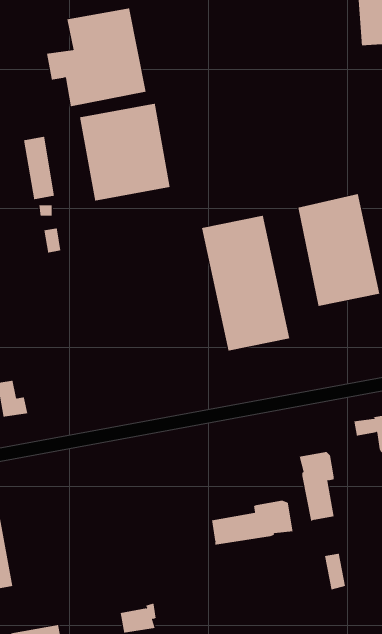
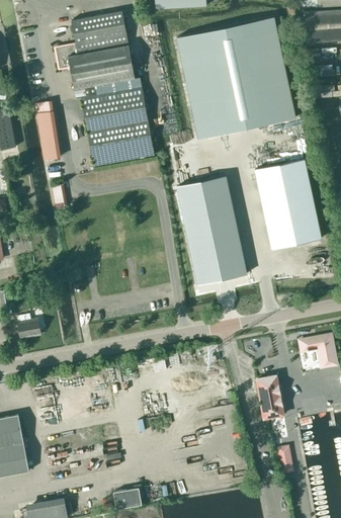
building: none -> [175,16,294,139]
building: [211,500,293,546] -> none

